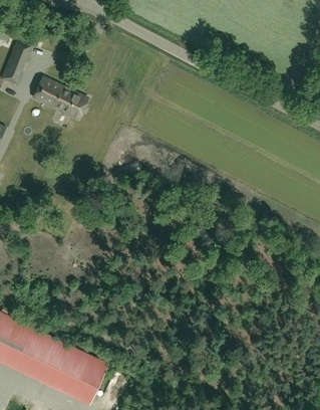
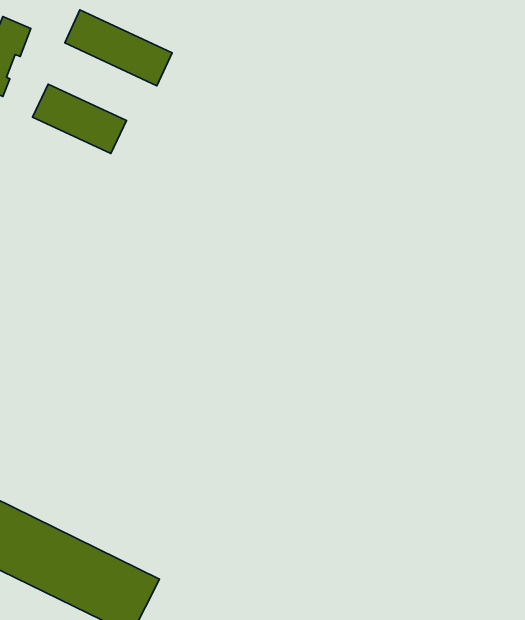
building: none -> [65,10,172,86]

